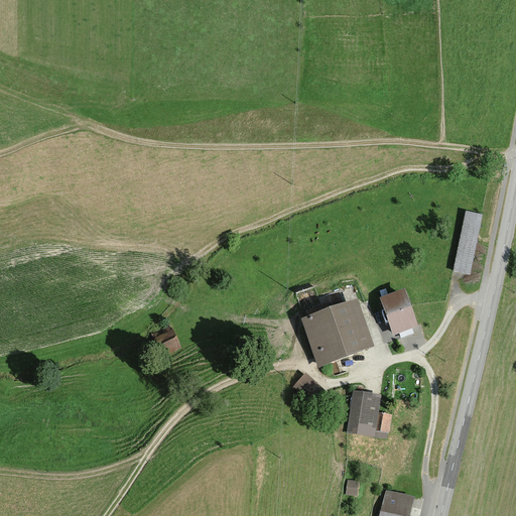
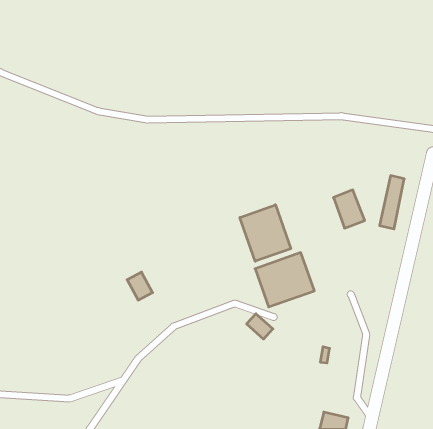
building: none -> [240,205,291,261]
building: [381,291,418,337] -> [333,190,365,228]
building: [348,391,381,435] -> none

